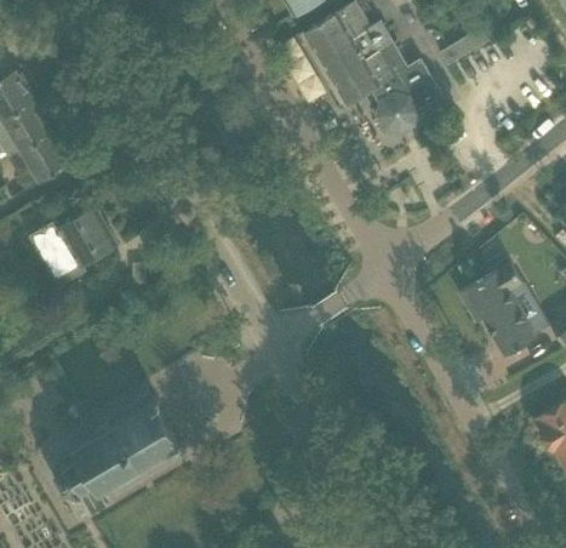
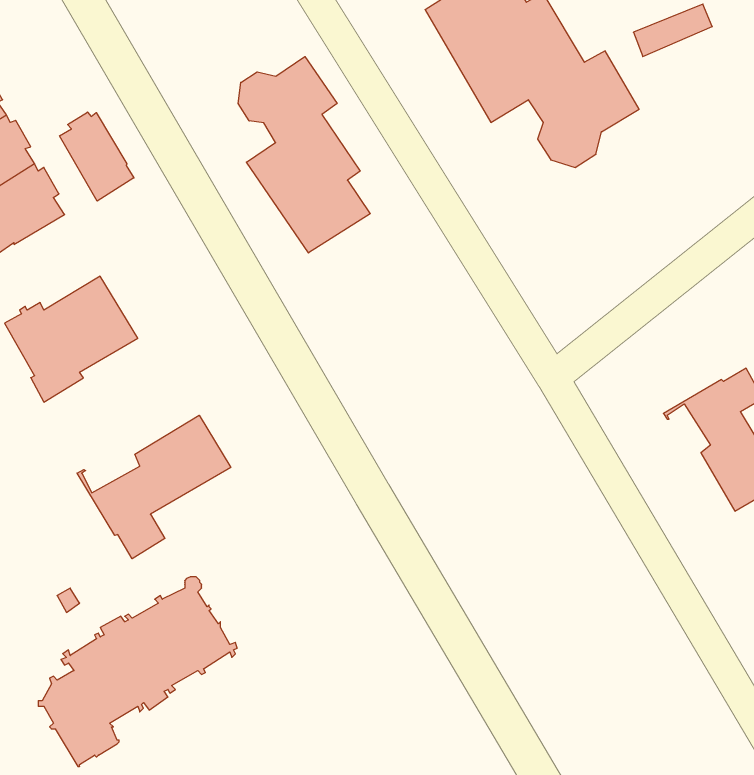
building: none -> [238,57,370,253]
building: none -> [60,112,134,201]
building: none -> [77,415,231,559]

